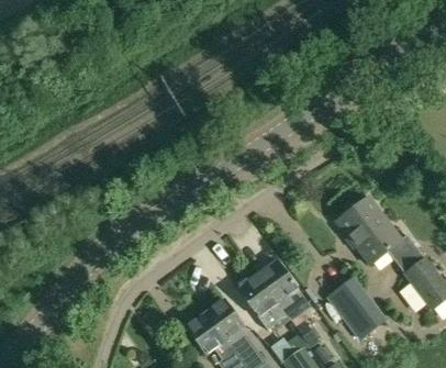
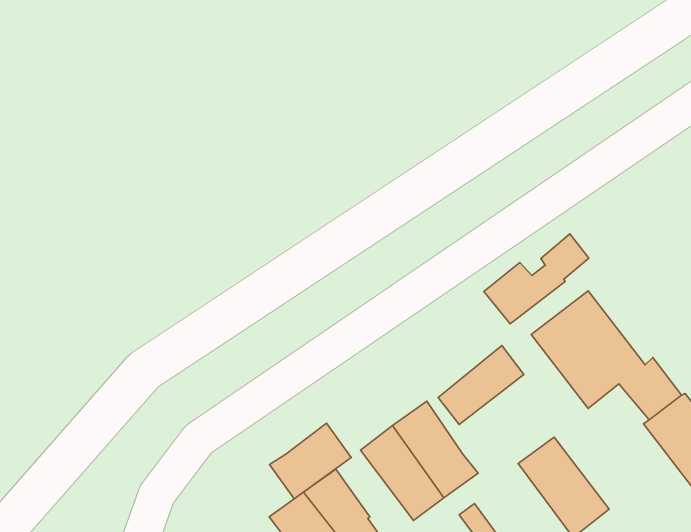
building: none -> [484,234,589,324]
building: none -> [438,346,524,424]
building: none -> [270,423,351,499]

